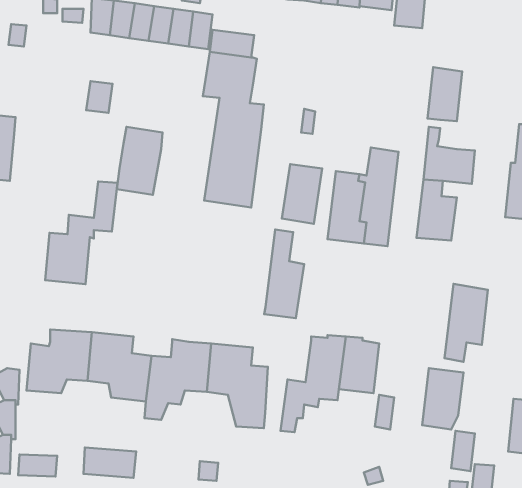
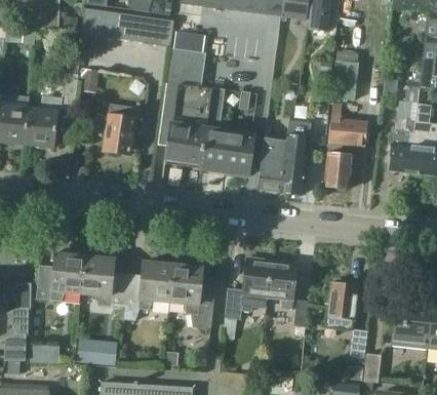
building: [45,182,117,284] -> [24,71,77,147]
building: [264,229,304,318] -> [201,106,231,171]
building: [444,284,488,362] -> none

